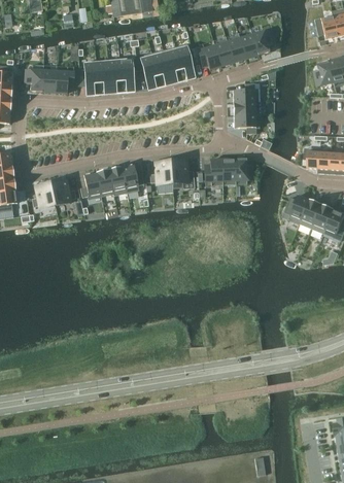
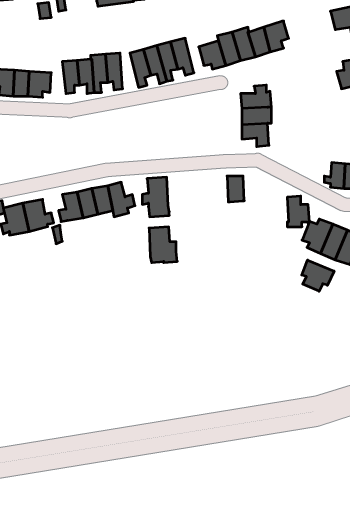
building: [235,158,253,183] -> [287,196,309,227]
building: [171,159,195,188] -> [149,227,177,263]
building: [204,159,223,184] -> none
building: none -> [302,260,334,291]

